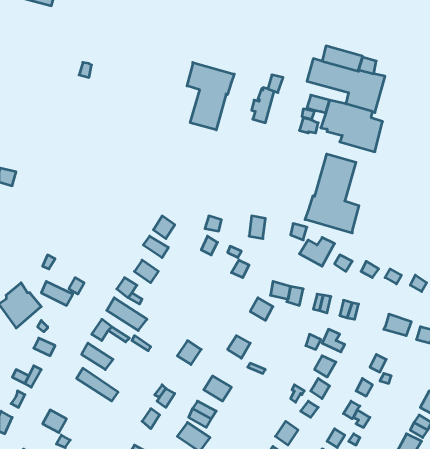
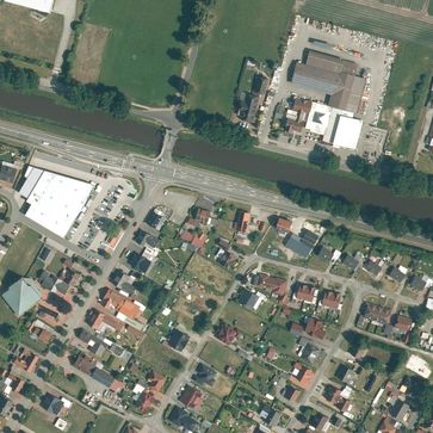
building: [187,62,234,130] -> none
building: [305,154,359,233] -> none
building: none -> [19,166,94,240]

